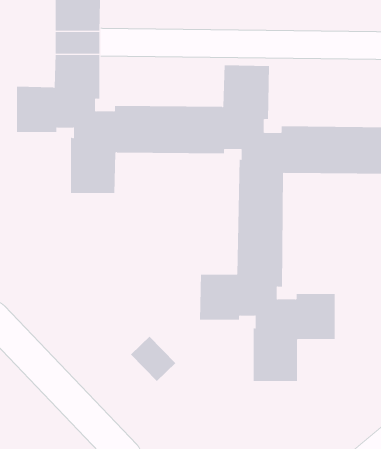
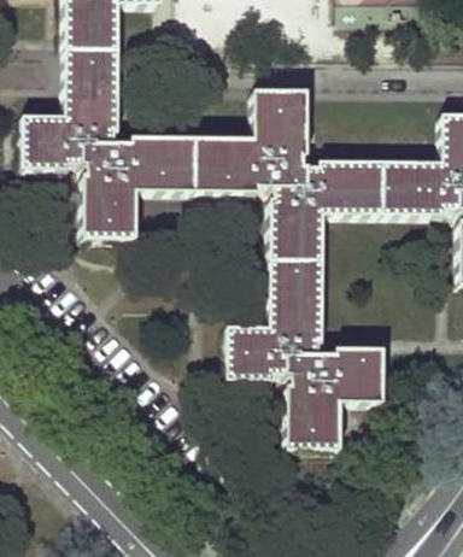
building: [130,336,176,382] -> none

